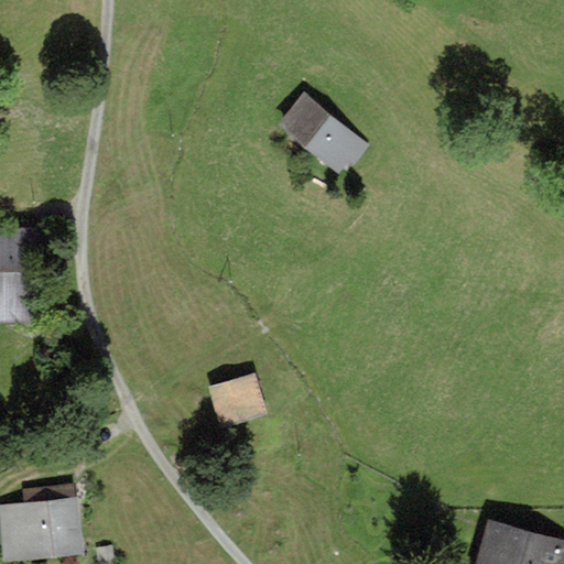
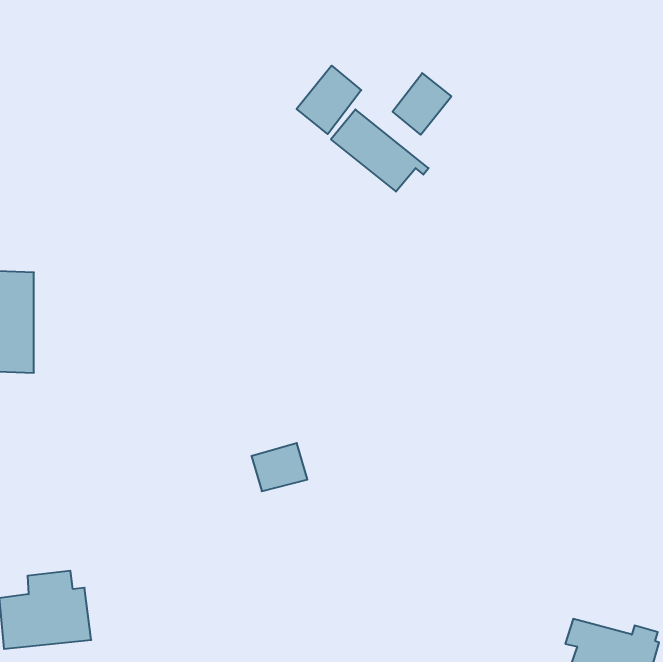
building: none -> [297,66,361,134]
building: none -> [393,73,451,135]

